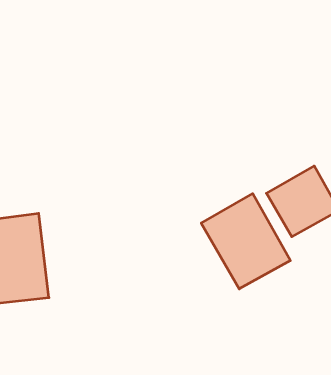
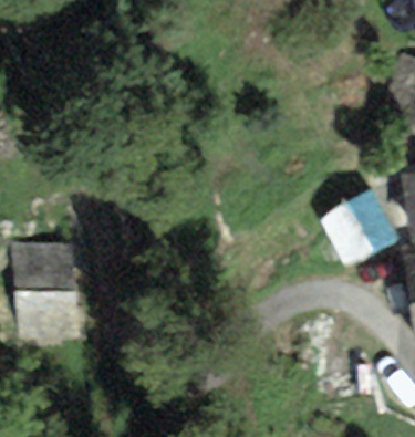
building: [201,194,290,289] -> none

